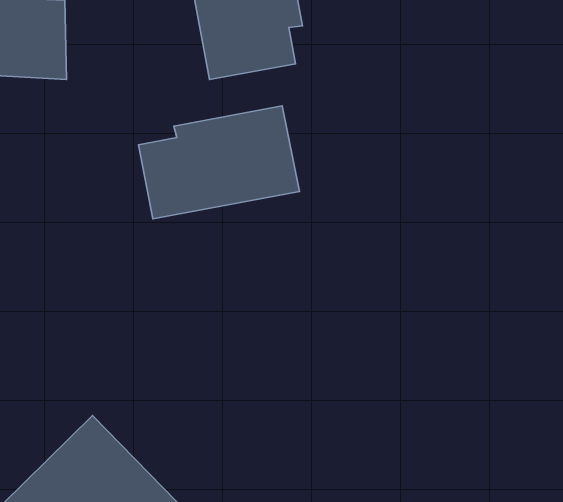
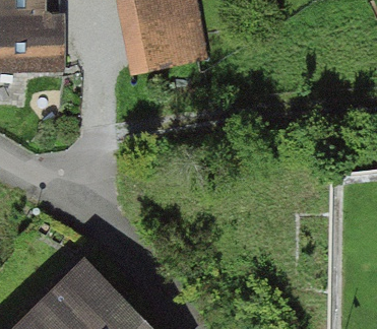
building: [138,106,300,219] -> none

